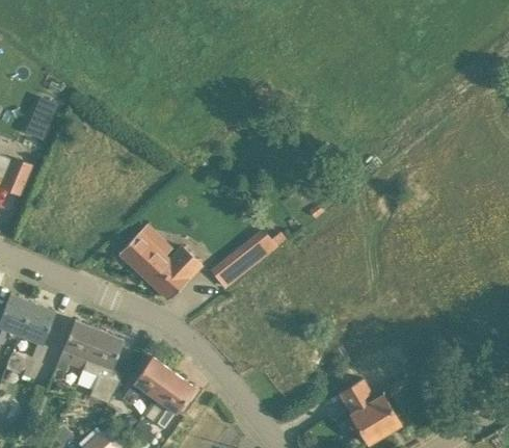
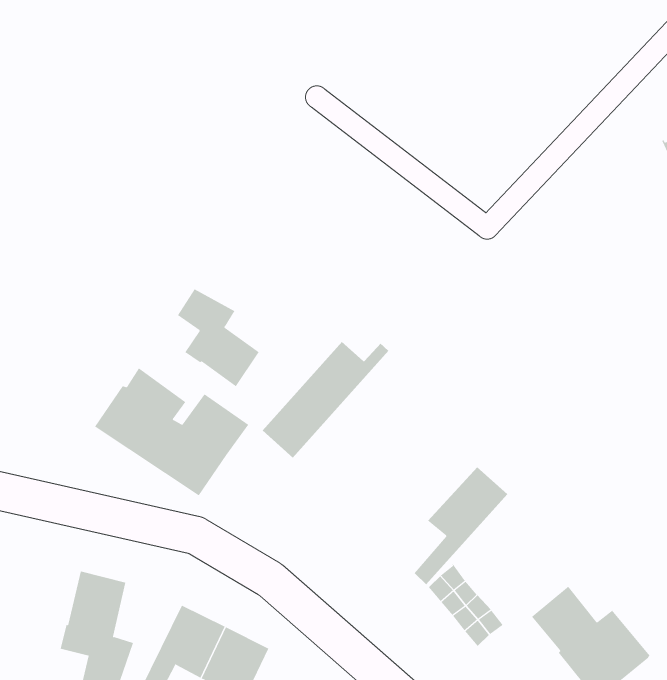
building: none -> [177,289,260,387]
building: none -> [414,467,508,585]
building: [55,321,100,372] -> none

